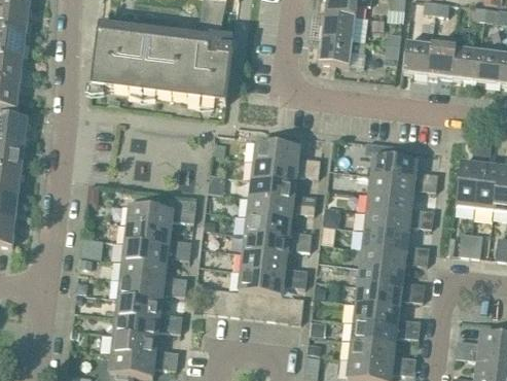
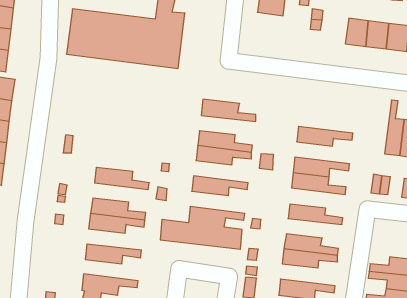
building: [318,35,365,64] -> none
building: [402,39,431,73] -> none
building: [455,140,482,206] -> none
building: [370,154,437,181] -> none
building: [251,160,319,183] -> none
building: [366,192,432,218] -> none
building: [126,196,195,228] -> none
building: [244,214,311,241] -> none
building: [122,241,189,265] -> none
building: [360,247,427,272] -> none
building: [240,251,306,278] -> none
building: [356,284,423,308] -> none
building: [115,297,182,322] -> none
building: [111,334,178,359] -> none
building: [349,339,414,366] -> none

